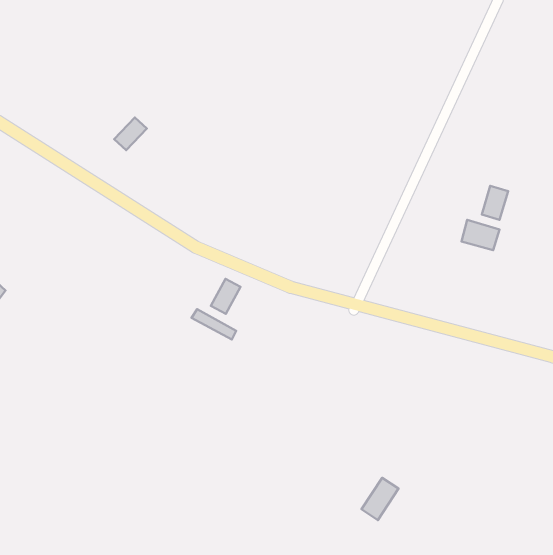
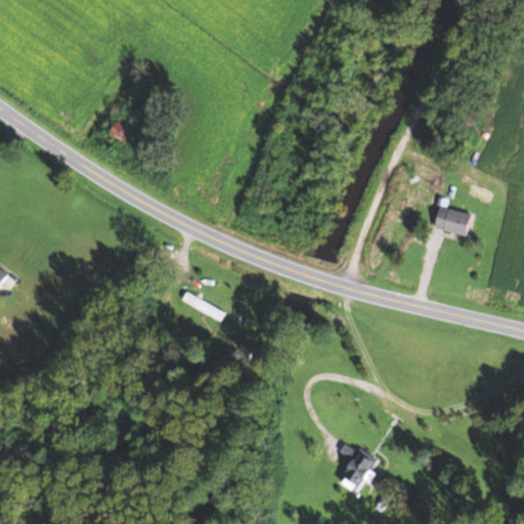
building: [482,186,508,220] -> none
building: [211,279,240,314] -> none

